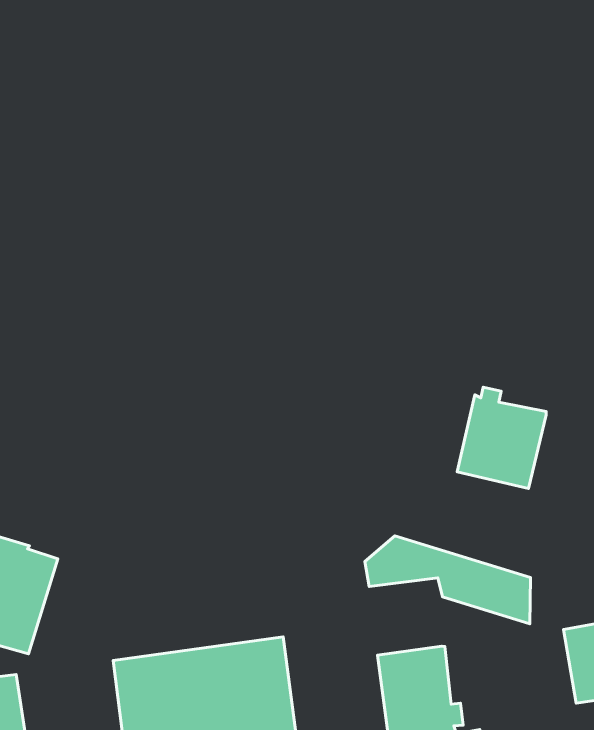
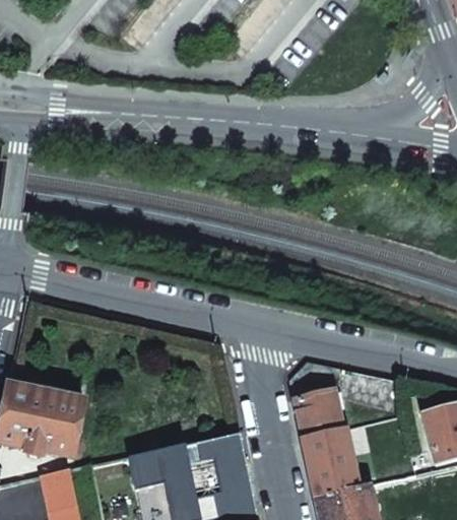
building: [457,387,546,489] -> none
building: none -> [293,394,343,443]

